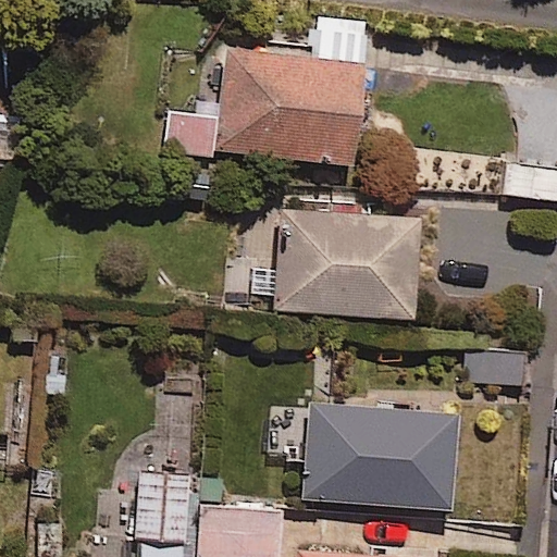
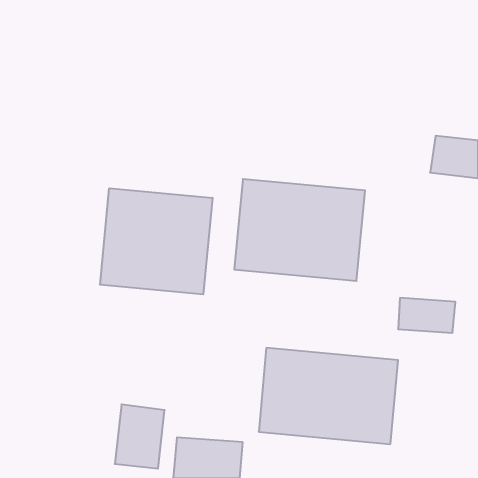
building: [161,10,373,177] -> none
building: none -> [100,188,212,294]

